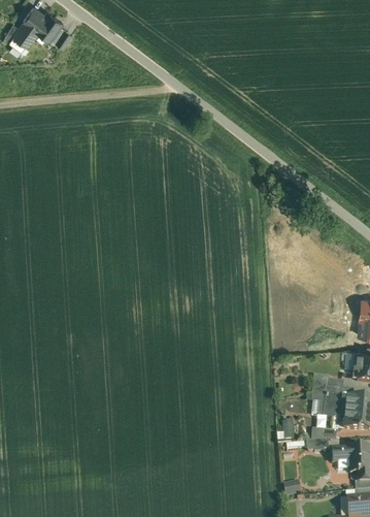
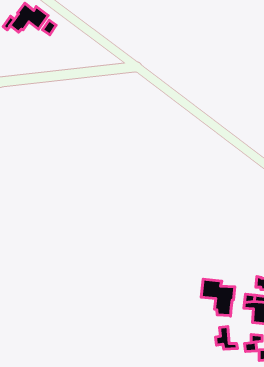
building: none -> [201,279,235,316]

